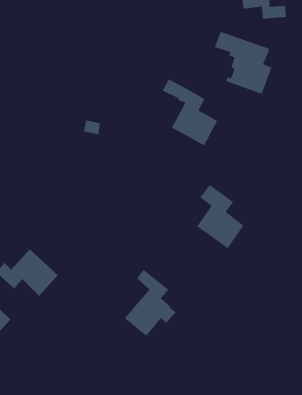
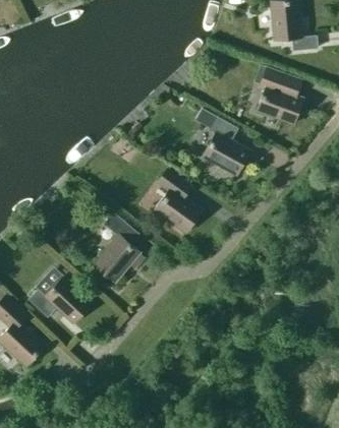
building: [196,184,244,249] -> [154,170,202,234]
building: [124,269,176,337] -> [93,216,145,283]

